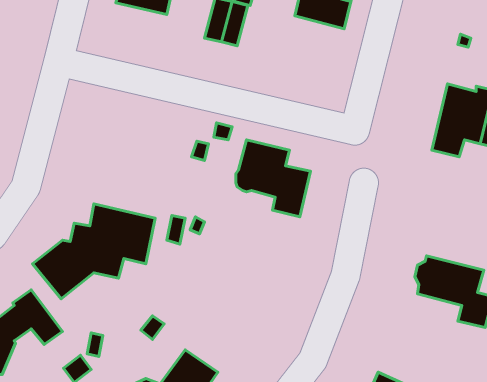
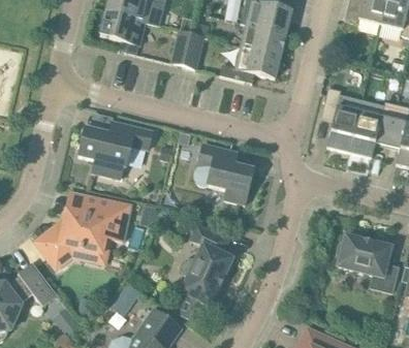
building: none -> [220,45,281,84]
building: none -> [322,87,363,152]
building: none -> [78,121,153,179]
building: none -> [176,225,232,317]

